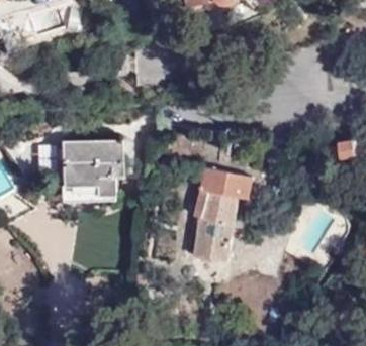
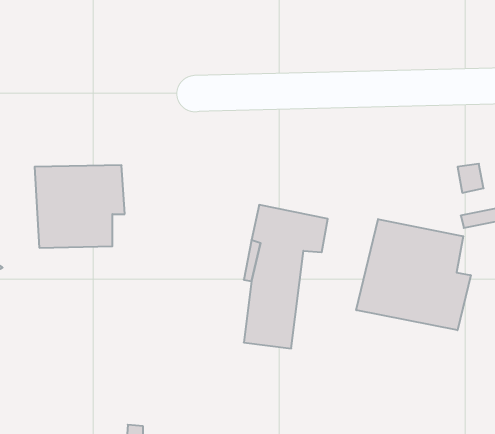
building: none -> [356,219,471,330]

